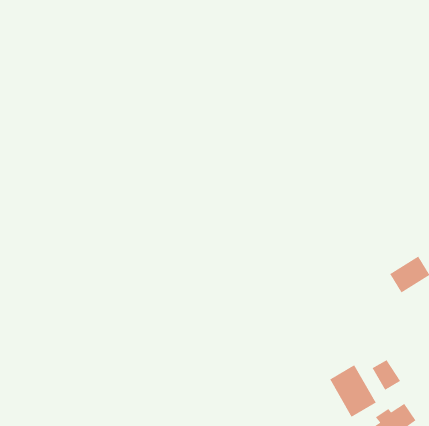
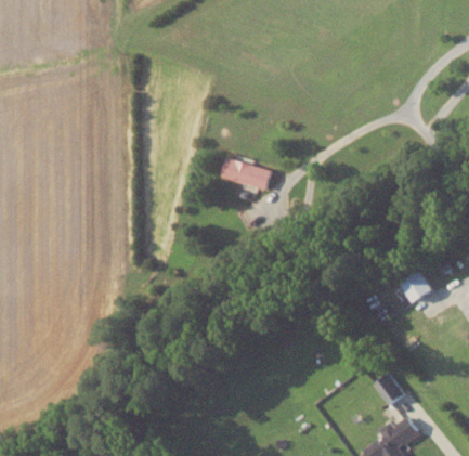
building: none -> [221,158,271,190]
building: [329,364,377,418] -> none

